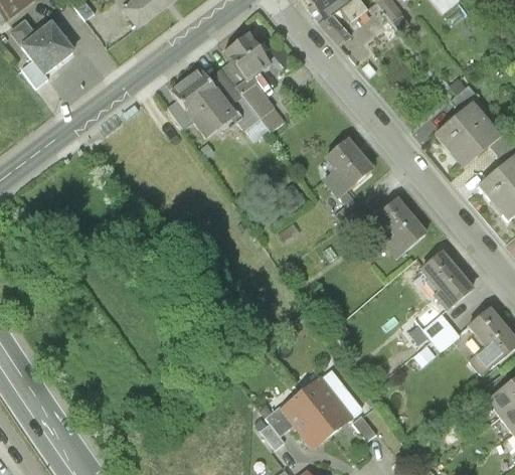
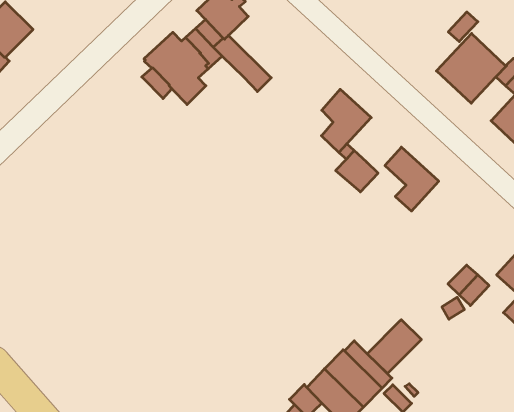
building: [228,96,260,129] -> none
building: [421,253,471,309] -> none
building: none -> [367,320,421,374]

